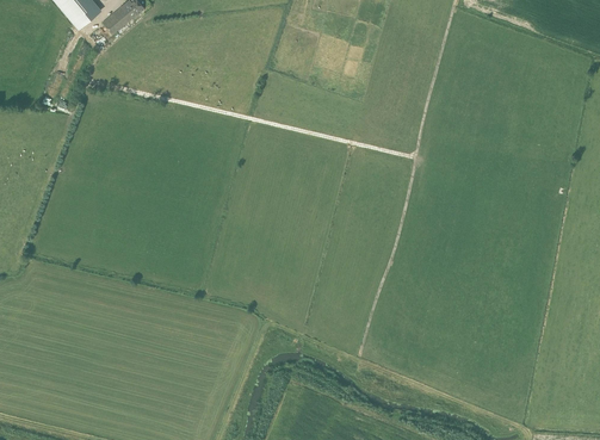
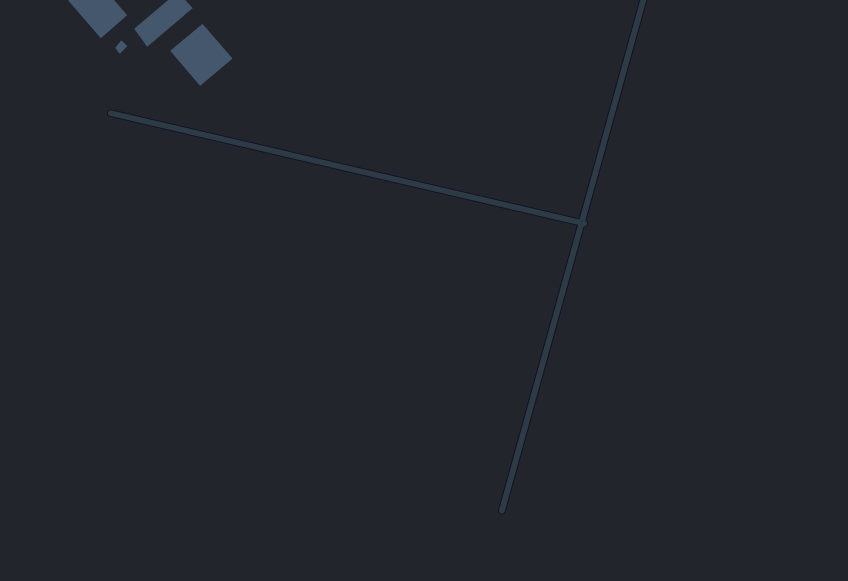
building: none -> [169,23,233,87]

